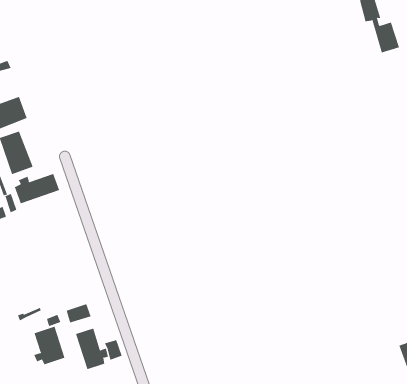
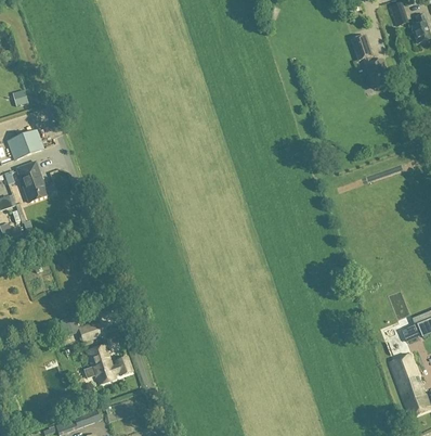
building: [14,173,60,204] -> none
building: [33,326,65,365] -> none

